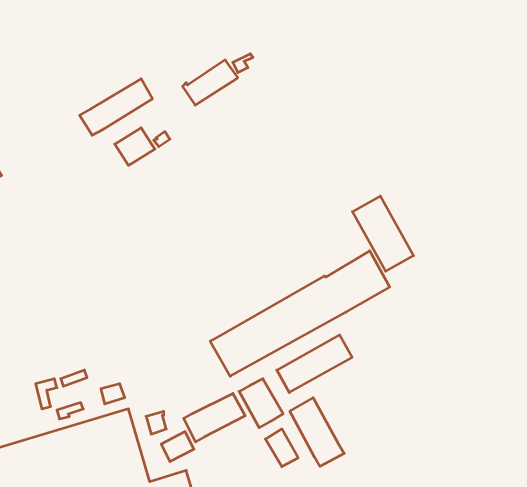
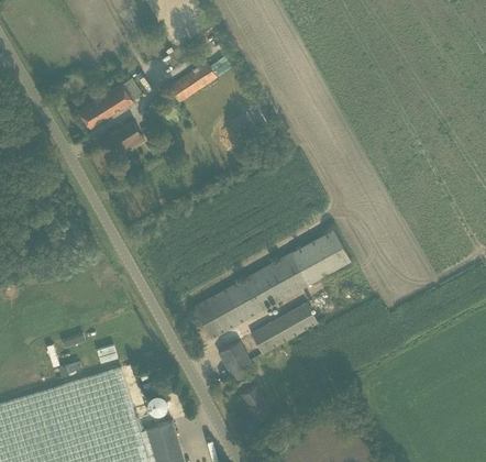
building: [352,196,414,271] -> none
building: [184,393,245,442] -> none
building: [290,398,344,466] -> none

